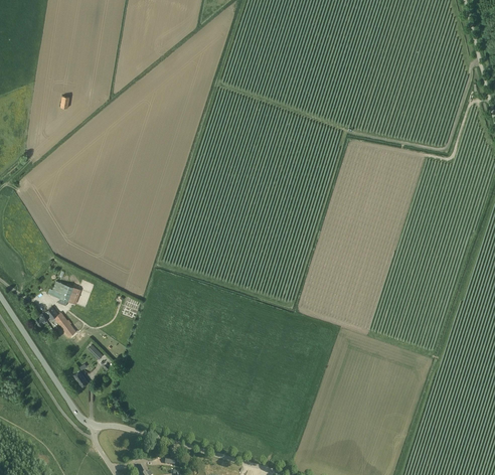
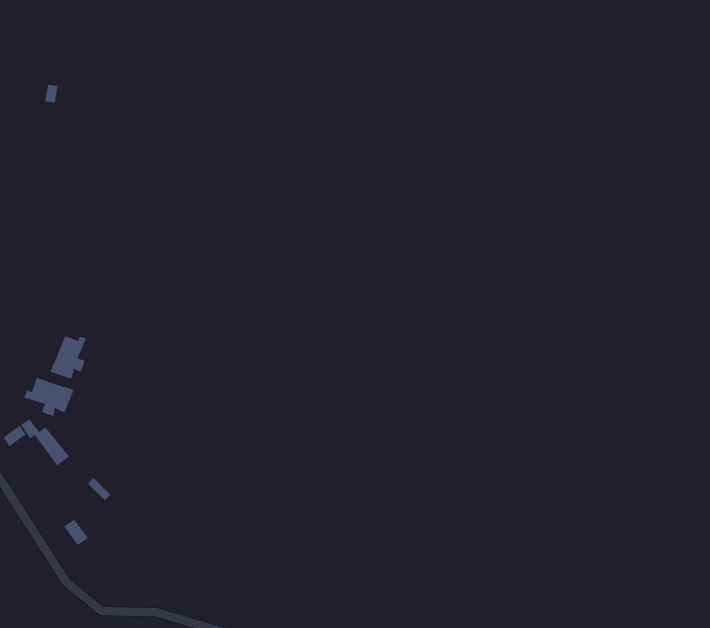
building: none -> [50,335,87,380]

